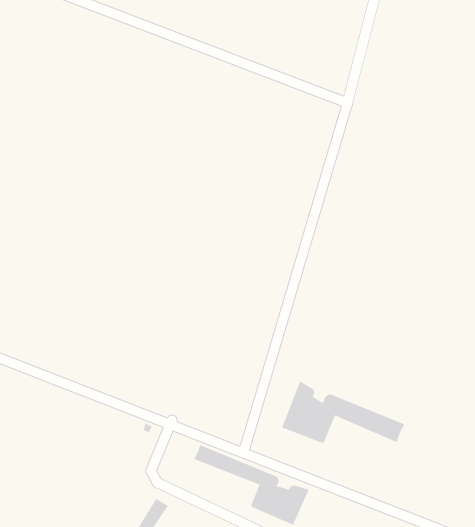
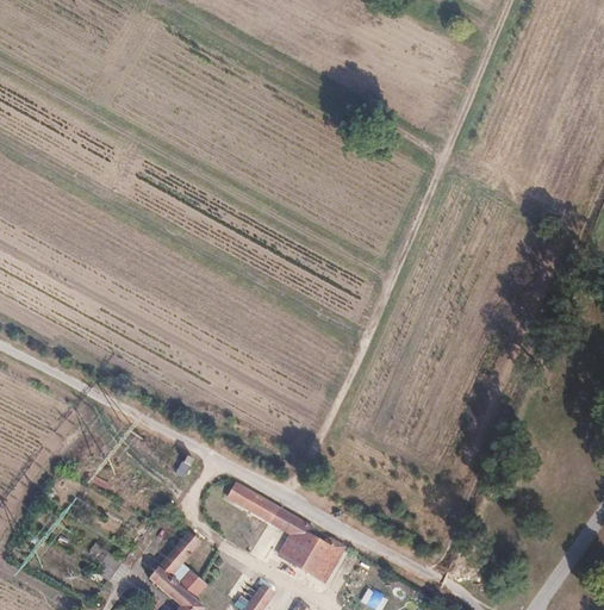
building: [281,381,405,443] -> none

